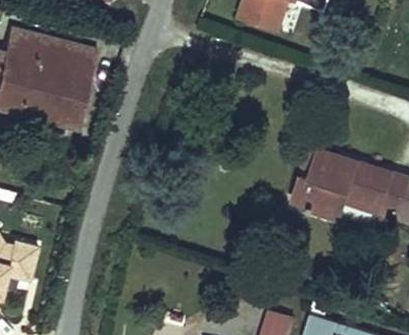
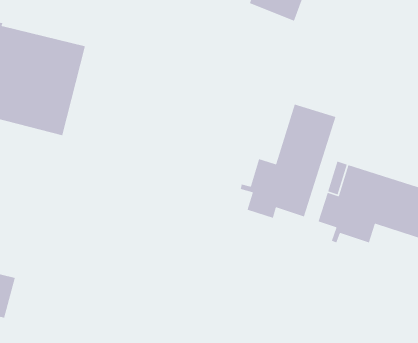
building: none -> [240,104,337,219]

